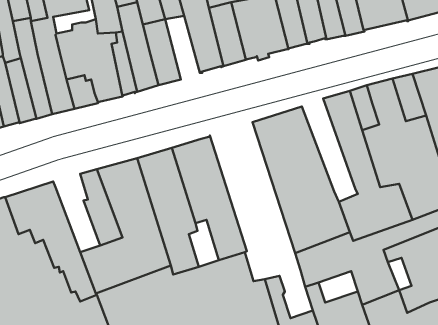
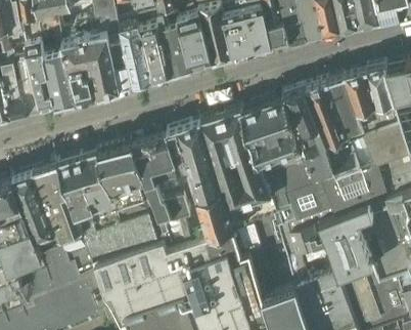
building: none -> [159,15,191,74]
building: none -> [284,91,333,176]
building: none -> [200,113,283,258]
building: none -> [57,160,100,232]

